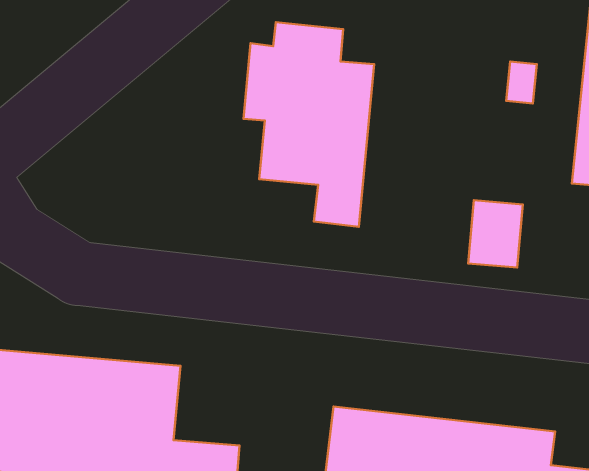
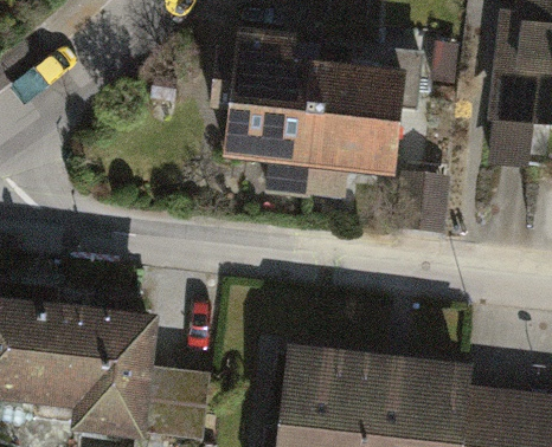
building: none -> [308,47,422,196]

